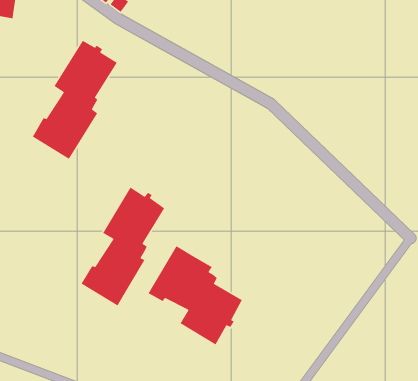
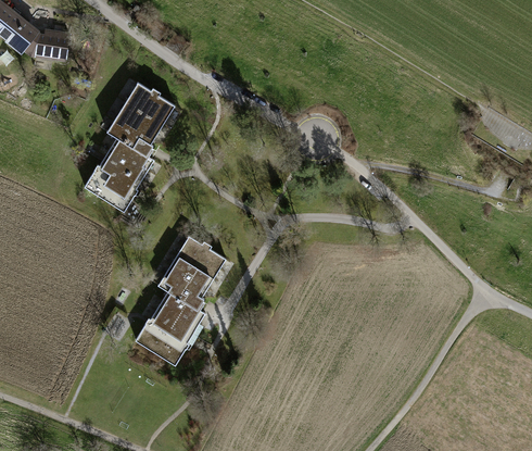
building: [148,245,243,345] -> none

